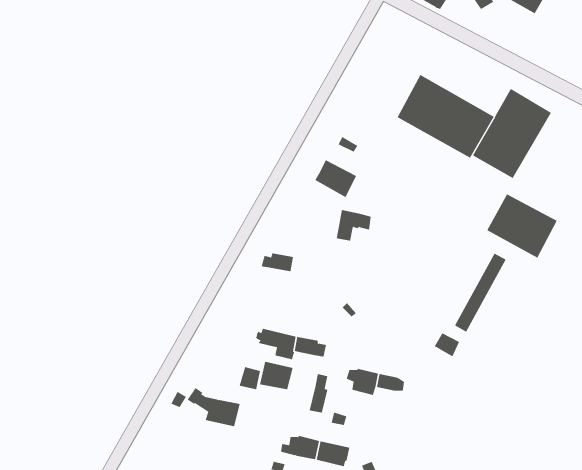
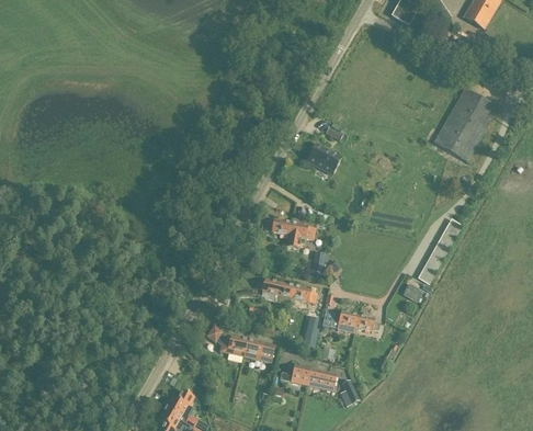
building: [397,74,494,158] -> none
building: [486,194,558,258] -> none
building: [336,210,371,241] -> [286,222,315,247]
building: [259,361,293,390] -> [243,339,271,362]

